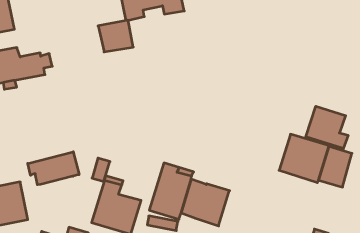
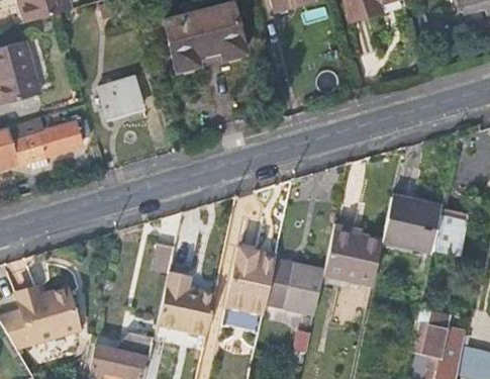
building: [98,20,133,52] -> [98,77,143,118]
building: [306,106,348,149] -> none
building: [28,152,79,185] -> none
building: none -> [322,230,382,284]

